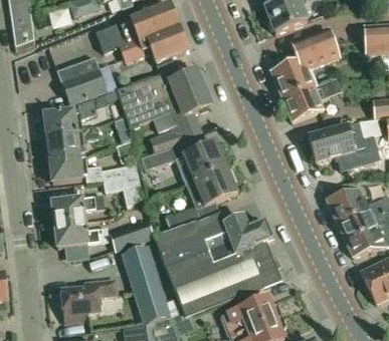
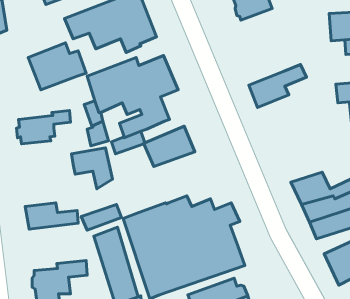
building: [271,28,339,99] -> none
building: [41,97,96,134] -> none
building: [308,123,380,169] -> none
building: [47,155,103,183] -> none
building: [166,167,237,230] -> none
building: [50,195,104,224] -> none

